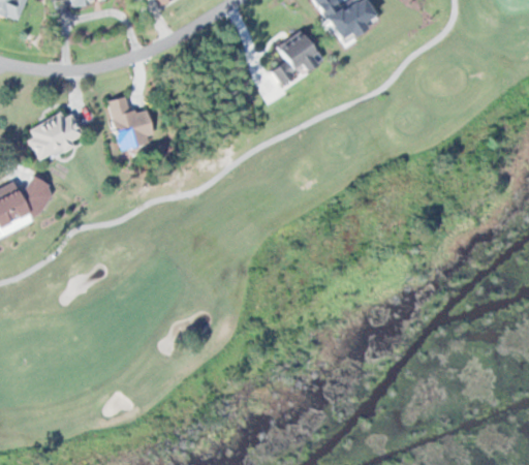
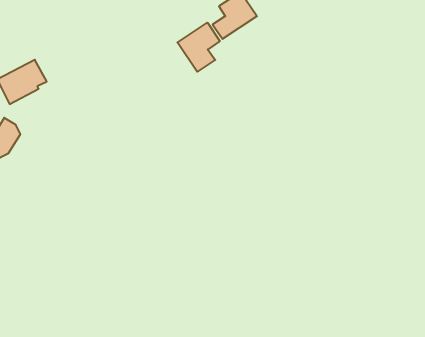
building: none -> [177,23,220,72]
building: [107,95,153,149] -> none

